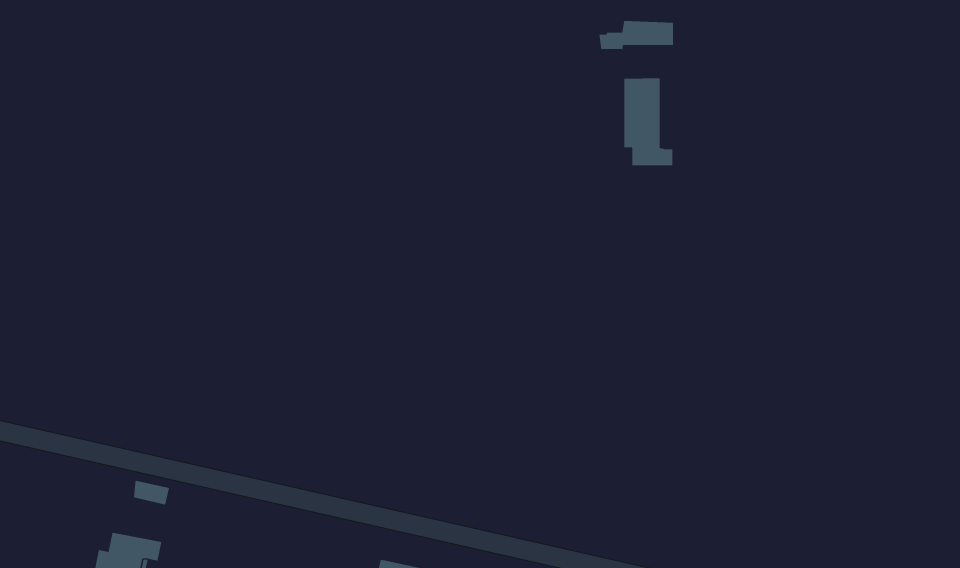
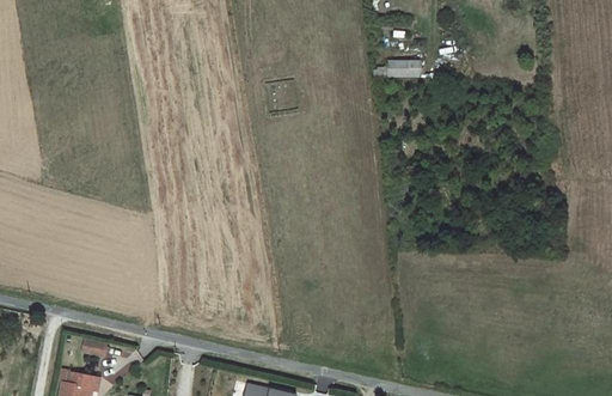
building: [624,77,673,166] -> none

